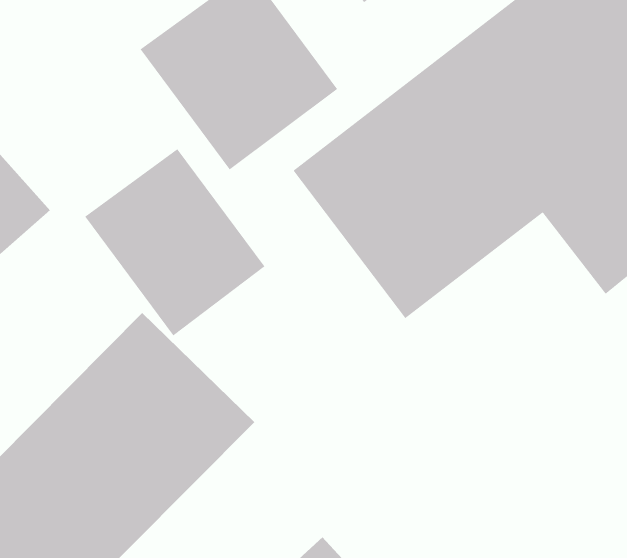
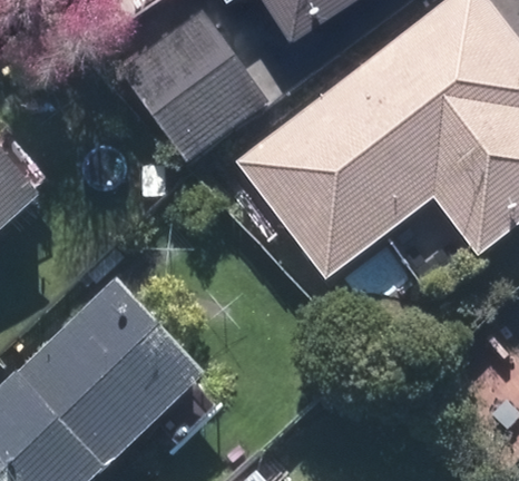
building: [84,148,265,336] -> none

